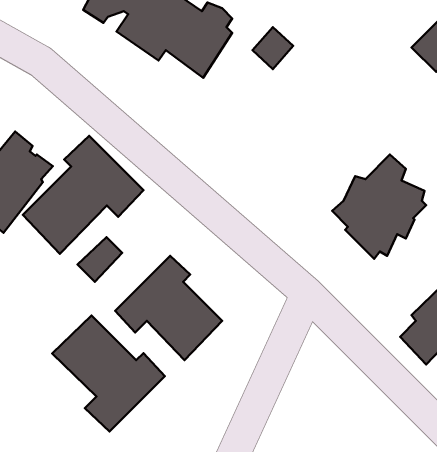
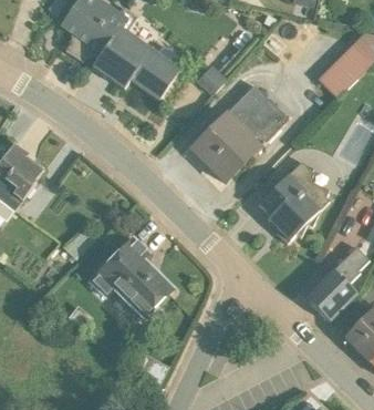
building: none -> [187,84,287,185]
building: [23,136,143,254] -> none
building: [52,316,165,431] -> none

